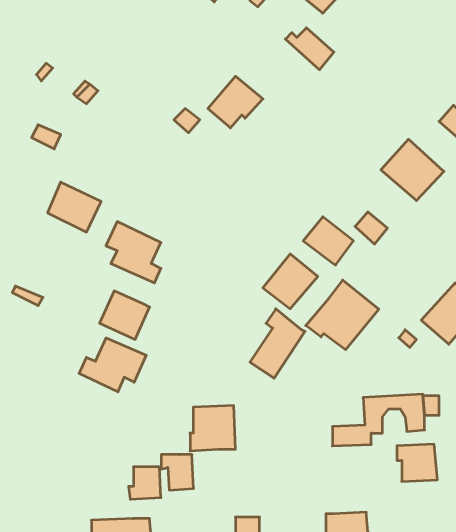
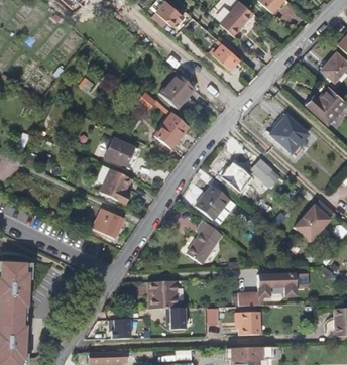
building: none -> [153,114,190,149]
building: [48,182,101,232] -> [109,141,142,172]
building: [306,280,379,350] -> none
building: [79,338,146,392] -> none
building: [397,444,437,481] -> [235,312,260,335]
building: [161,455,194,490] -> [166,308,187,330]

